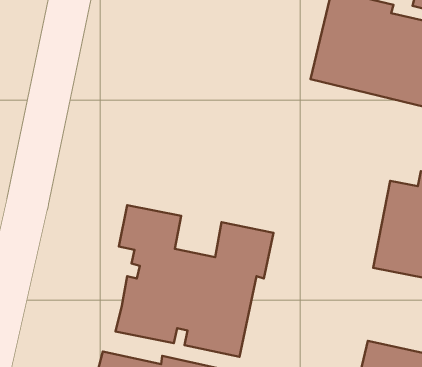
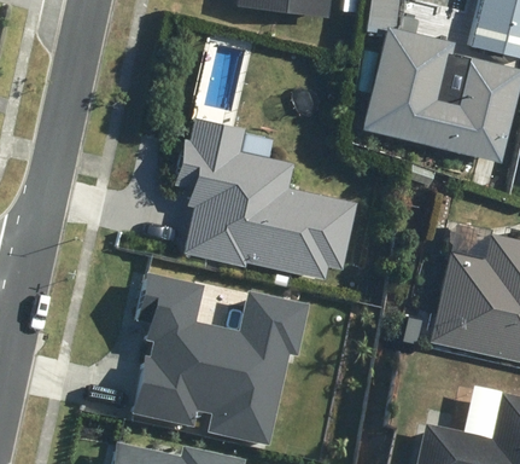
building: none -> [171,120,345,272]

